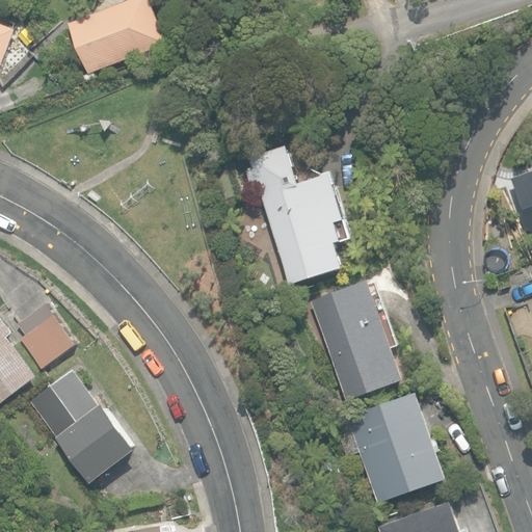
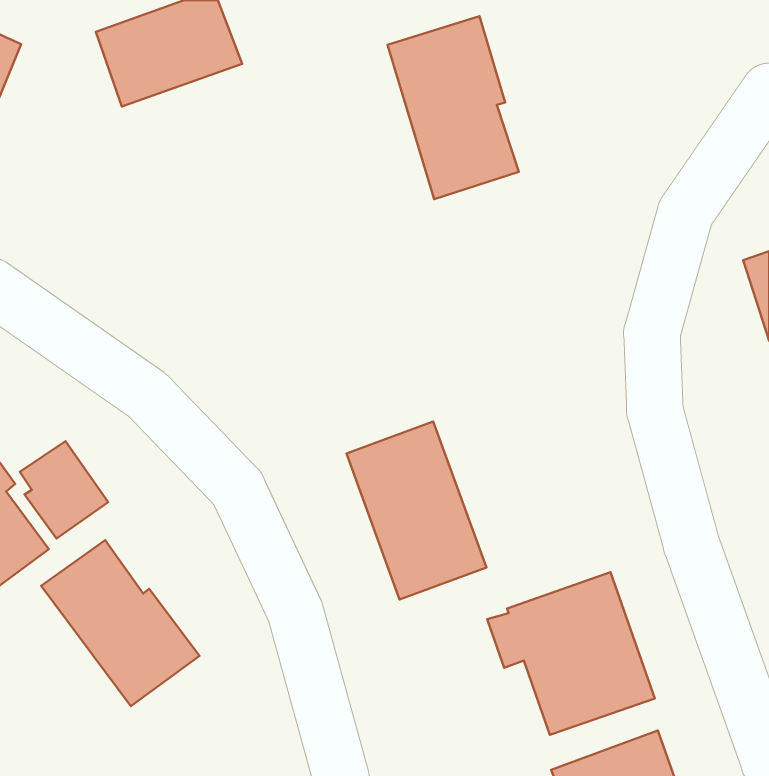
building: none -> [388,16,519,199]
building: [243,145,349,285] -> none
building: [309,280,404,401] -> [346,421,486,599]

